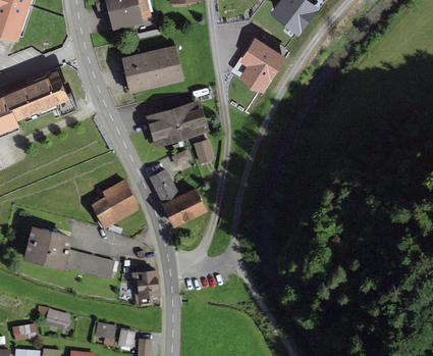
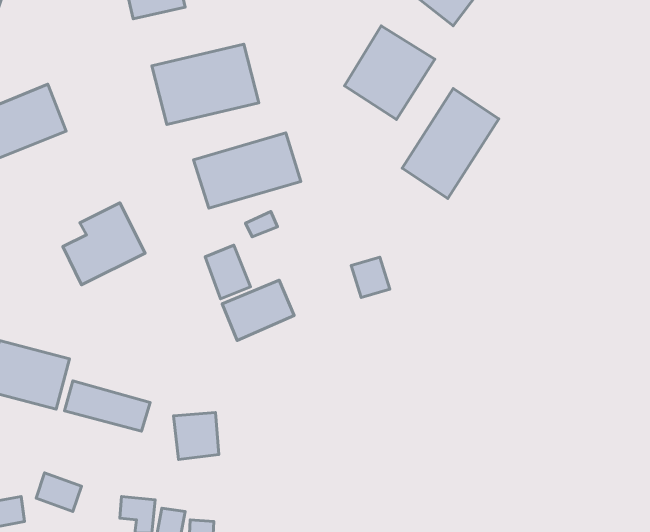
building: none -> [402,88,499,199]
building: [194,141,217,165] -> [351,257,390,297]
building: [91,181,141,231] -> [63,203,145,285]

